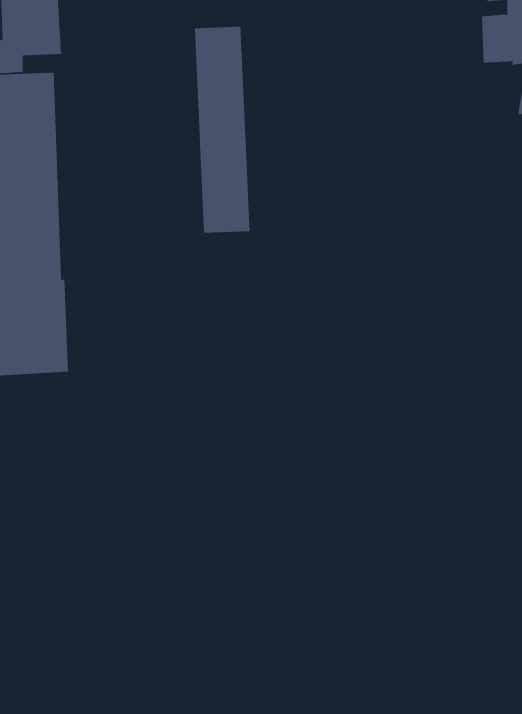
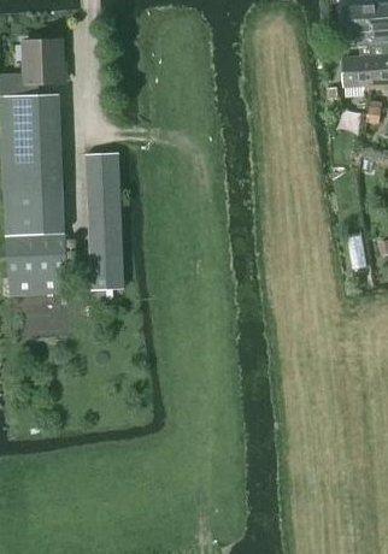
building: [194,26,250,233] -> [84,152,122,289]

